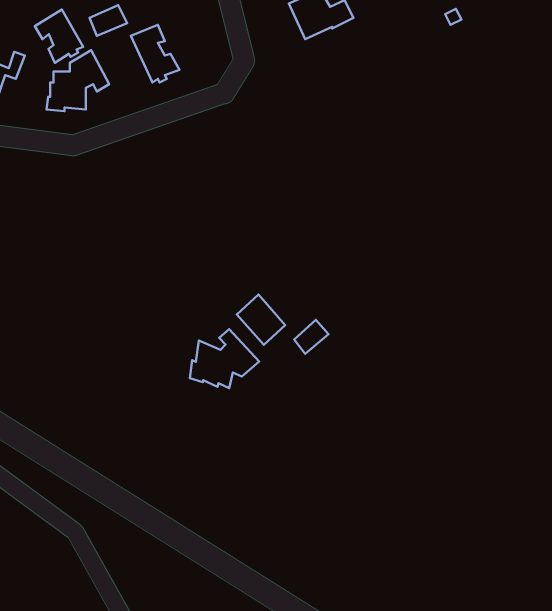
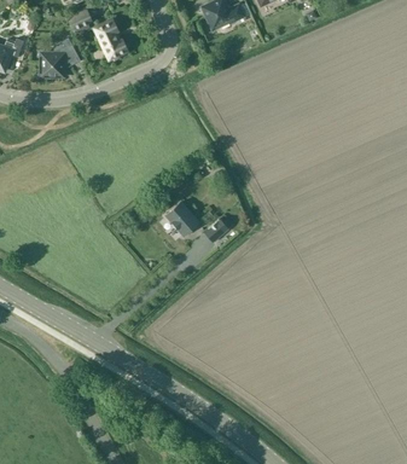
building: [35,10,83,63] -> none
building: [190,329,259,388] -> none

